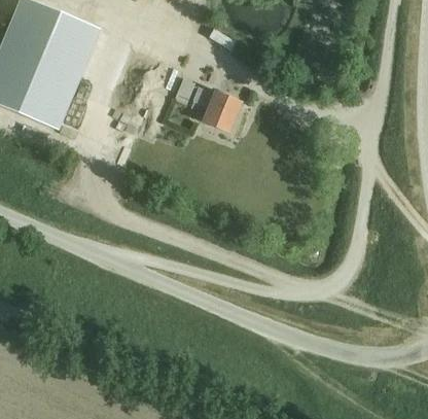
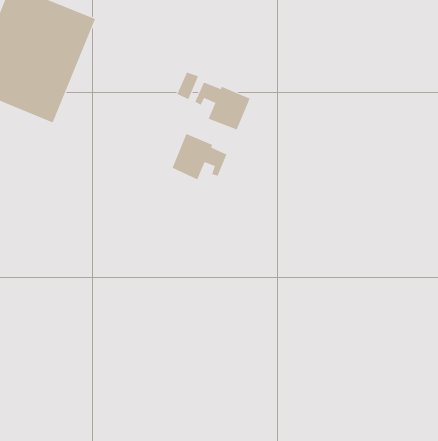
building: none -> [172,133,227,180]

